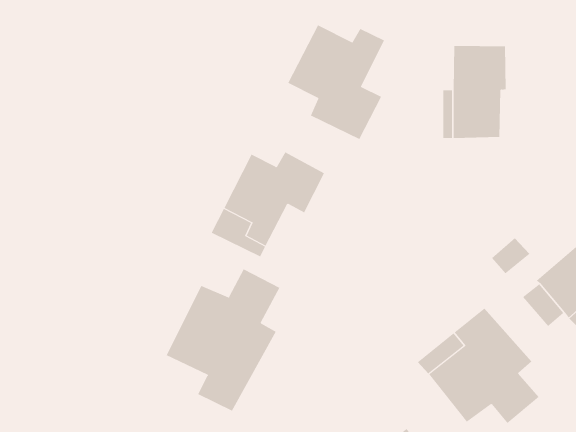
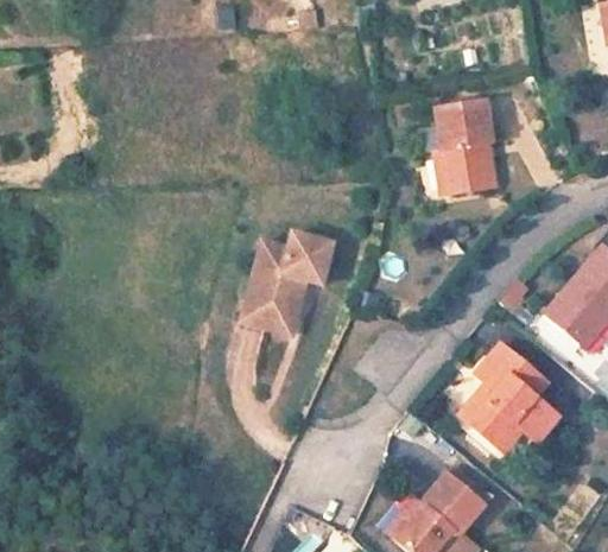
building: [288,24,385,140] -> none
building: [166,269,280,411] -> none

